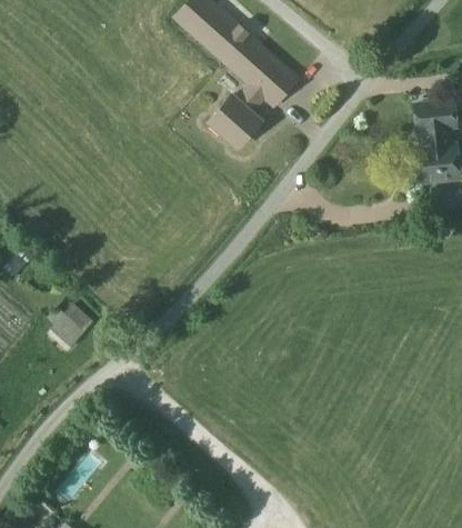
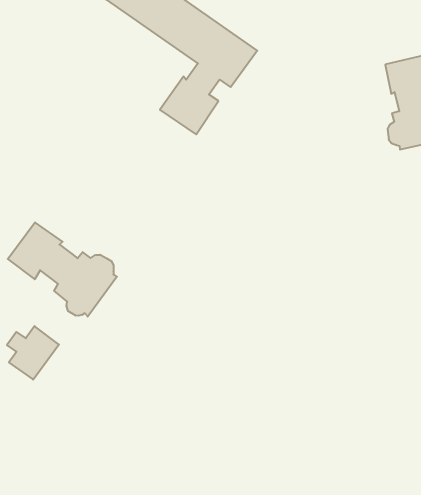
building: none -> [8,222,117,317]

